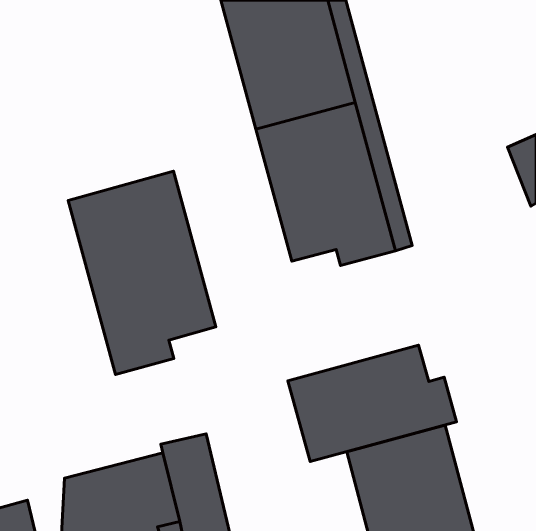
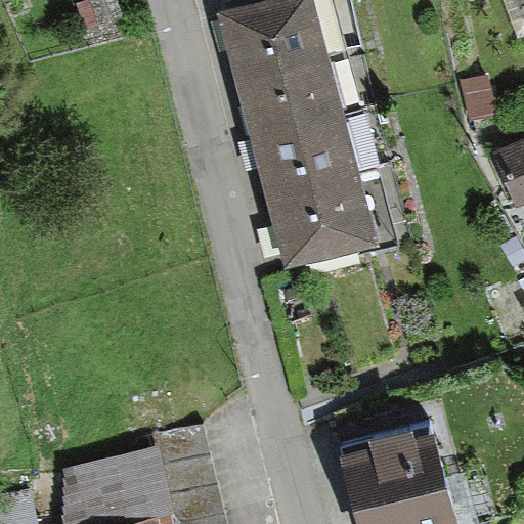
building: [68,171,216,375] -> none
building: [288,345,457,462] -> none

